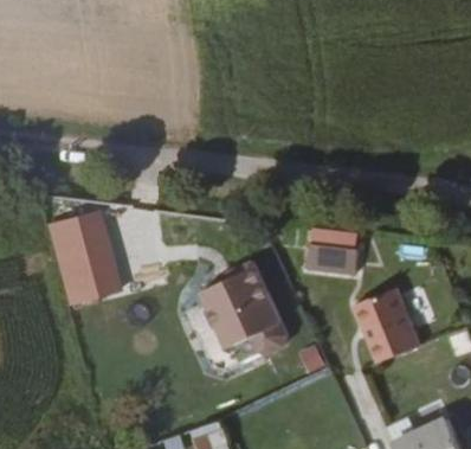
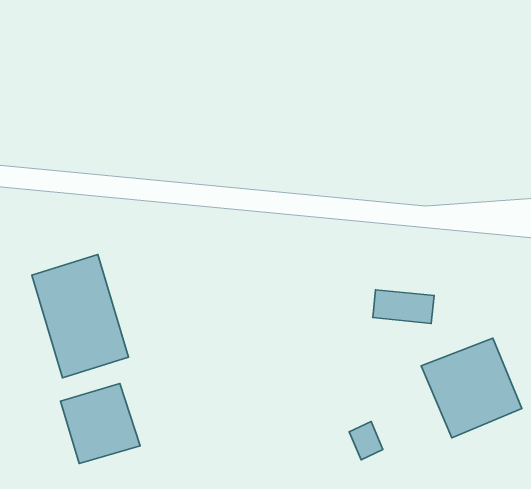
building: [201,248,284,339] -> none
building: none -> [61,383,140,463]

